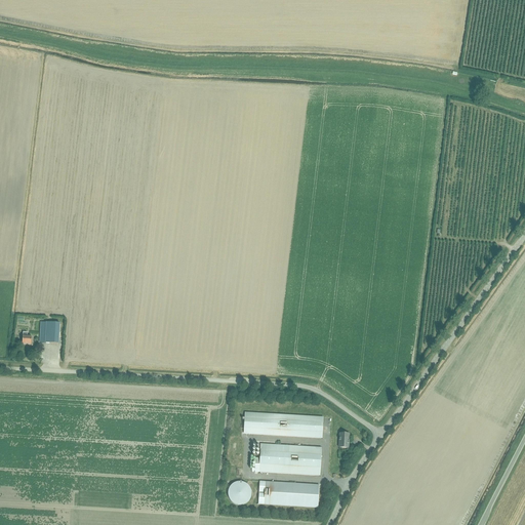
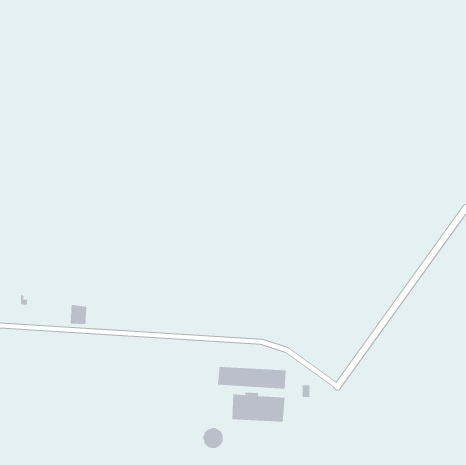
building: [40,321,59,344] -> [70,305,87,325]
building: [258,481,318,508] -> none

